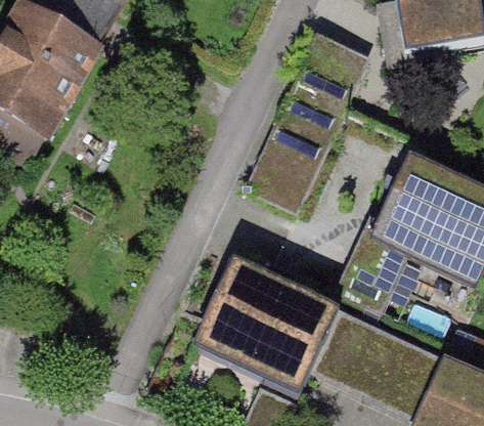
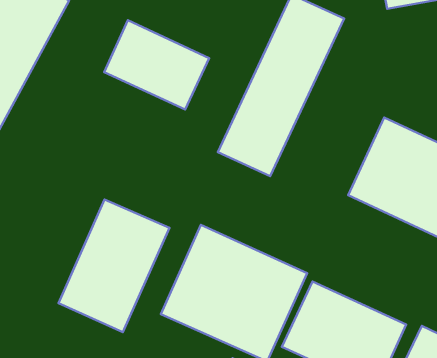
building: none -> [104,20,209,110]
building: none -> [59,200,169,332]

